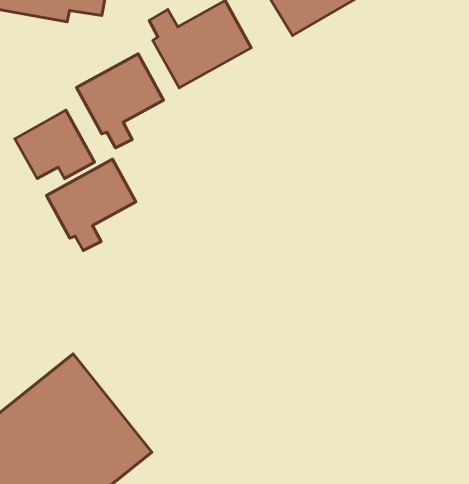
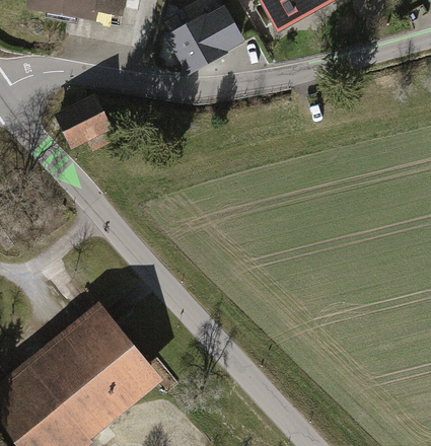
building: [76,54,164,148] -> none
building: [46,159,136,251] -> none

